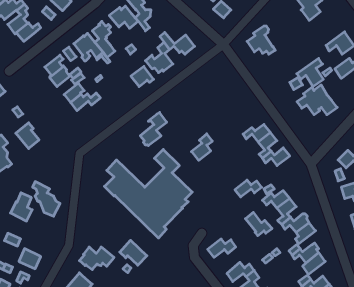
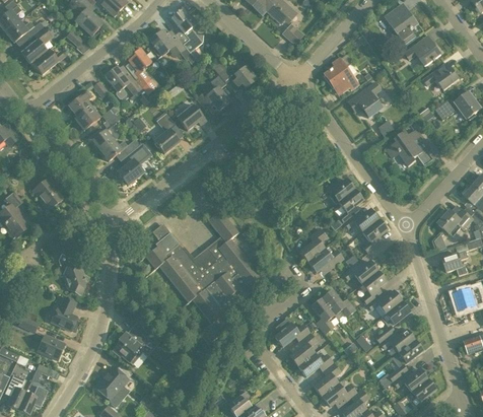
building: none -> [405,36,440,65]
building: [297,58,323,87] -> [347,81,381,117]
building: none -> [154,113,180,153]
building: [140,112,167,146] -> [118,142,151,184]
building: [191,134,212,160] -> [299,226,326,260]
building: none -> [361,217,386,251]
building: [10,193,32,221] -> [50,295,77,331]
building: none -> [312,296,335,332]
building: [120,240,147,265] -> none
building: none -> [290,332,317,365]

